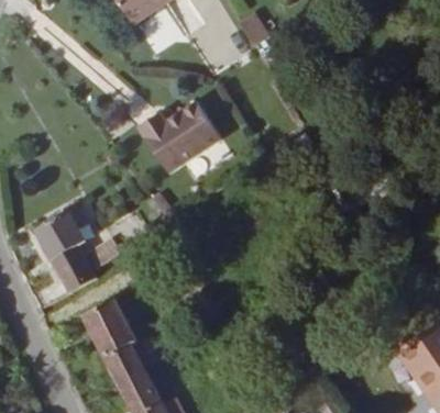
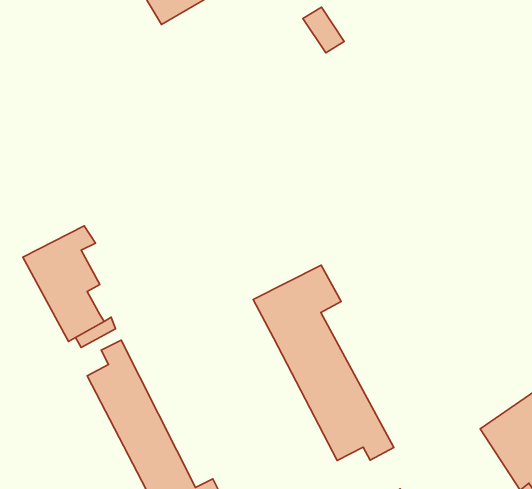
building: [140,103,221,172] -> none
building: none -> [253,265,394,460]

